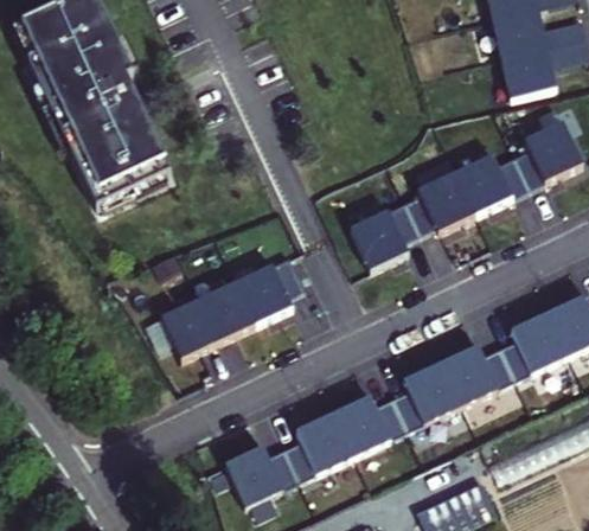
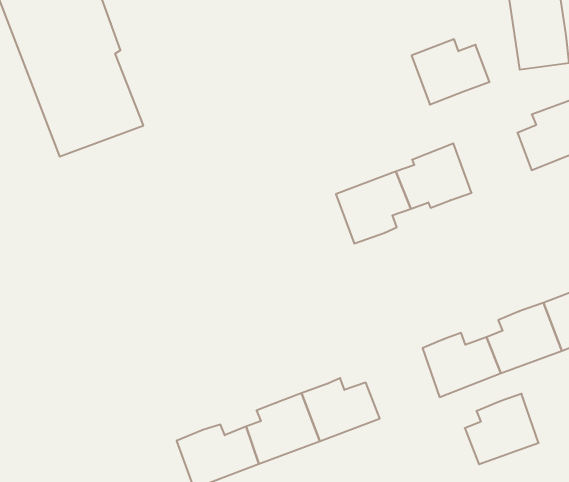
building: [459,154,532,216] -> [412,39,490,105]
building: [156,258,301,359] -> none
building: [395,362,463,429] -> [465,394,539,464]

